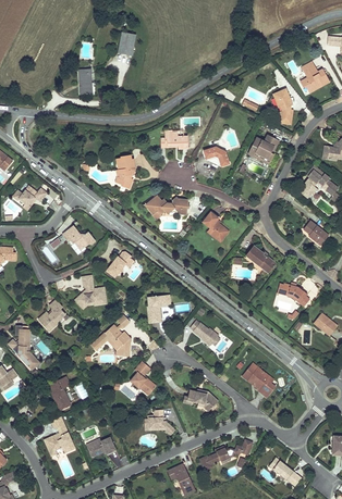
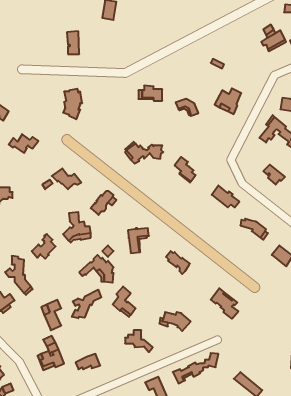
building: [273,89,294,125] -> none
building: [114,155,136,190] -> [63,89,82,119]
building: none -> [72,290,101,318]

